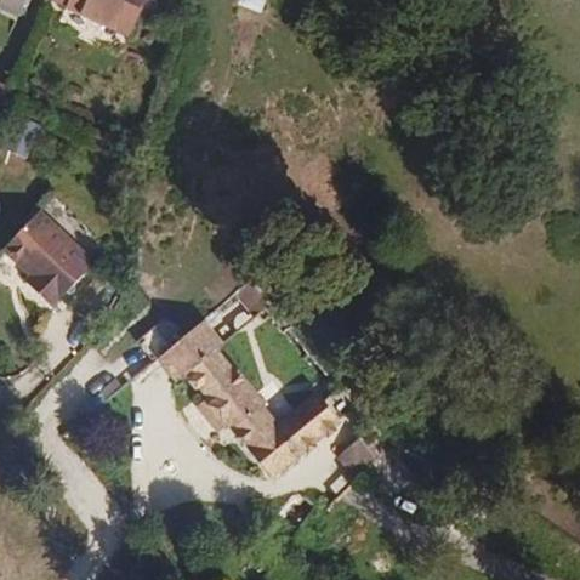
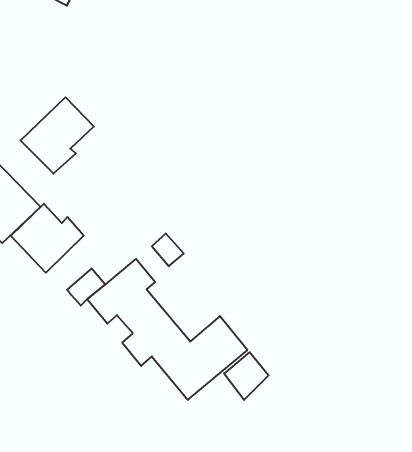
building: none -> [20,97,94,174]
building: none -> [11,204,84,273]

